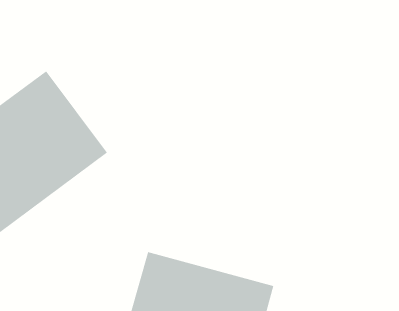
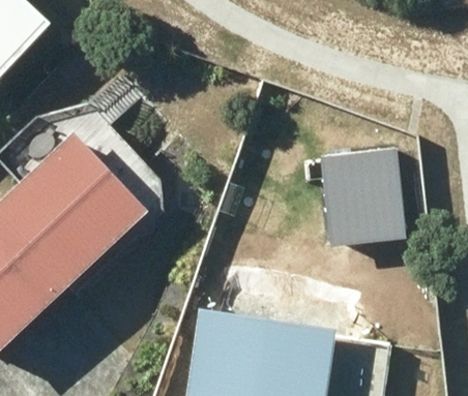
building: none -> [320,154,403,248]

